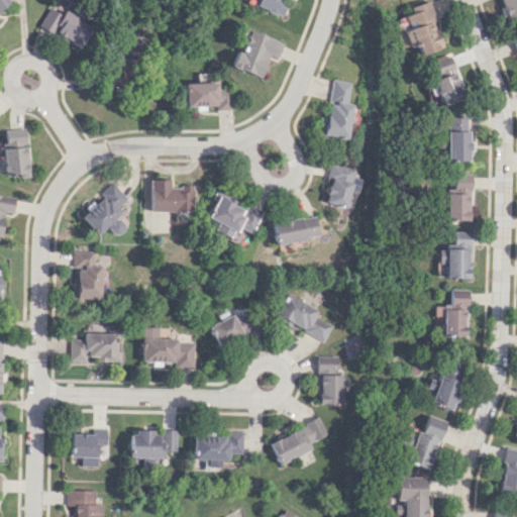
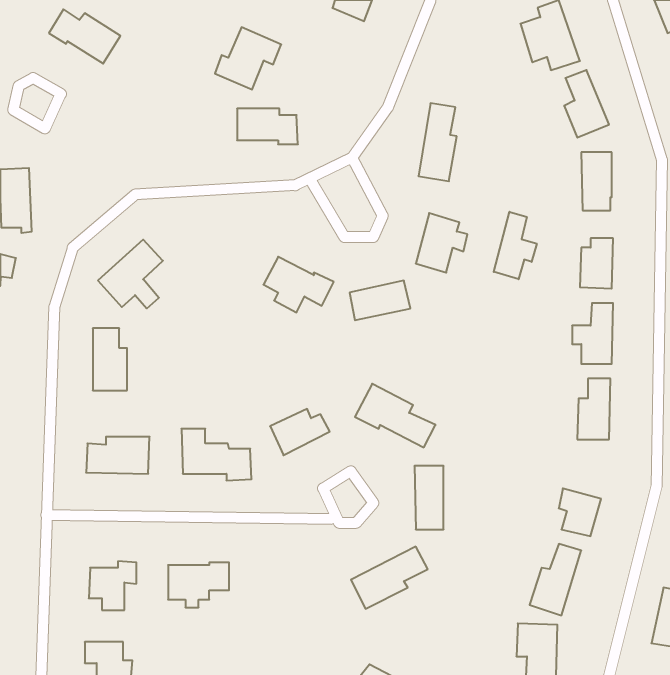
building: [233,30,284,78] -> [215,27,281,90]
building: none -> [494,212,537,279]
building: [150,180,189,212] -> none
building: [197,432,246,471] -> none

